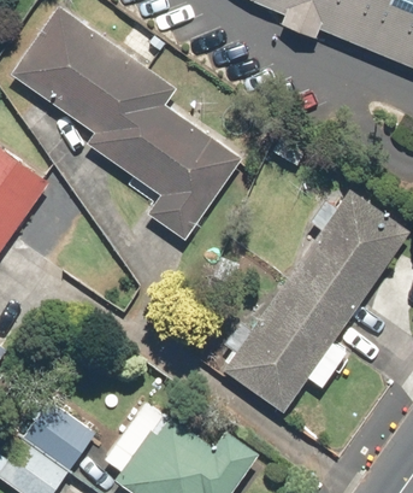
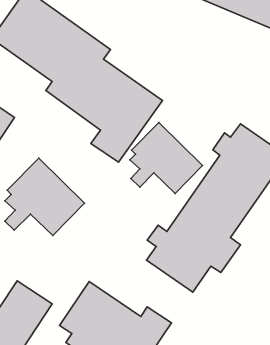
building: none -> [130,122,202,193]
building: none -> [5,158,84,235]

